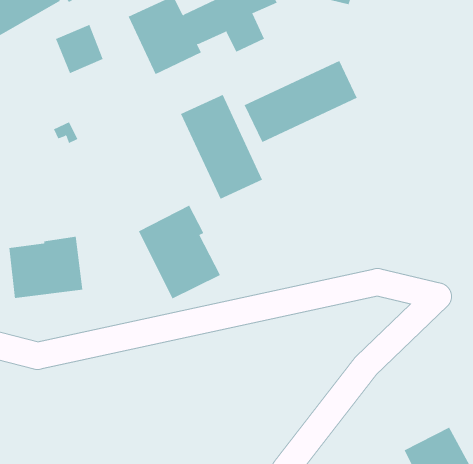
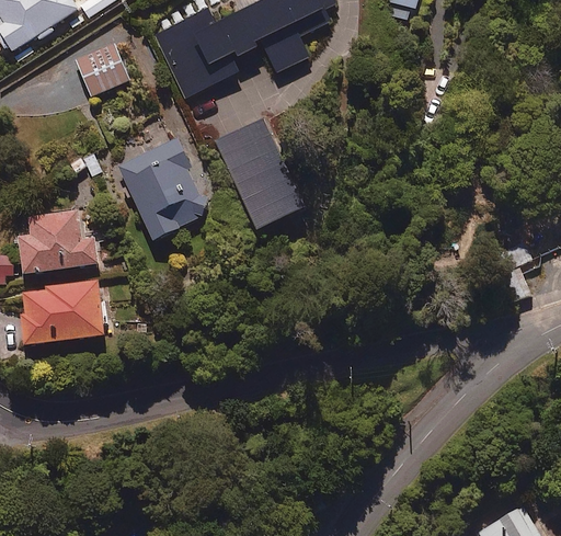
building: [244,60,358,143] -> none
building: none -> [16,208,98,275]
building: [138,205,221,299] -> [116,135,209,241]

